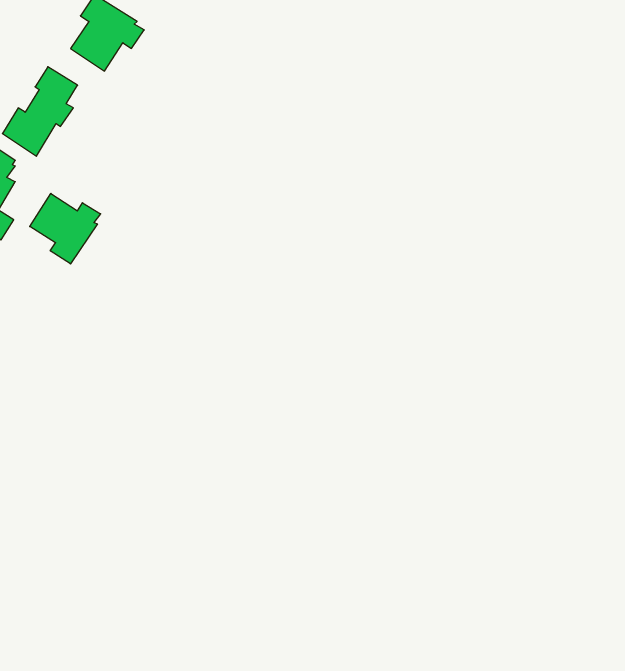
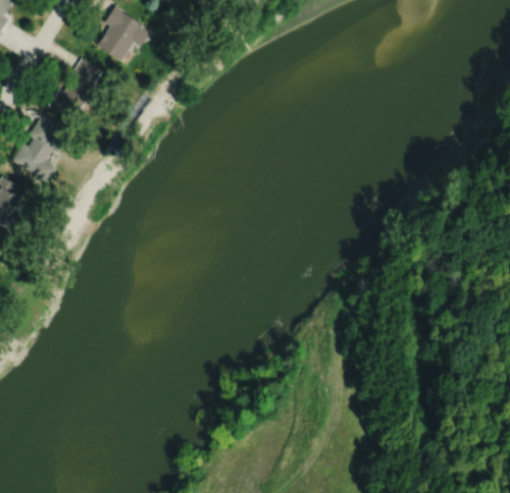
building: [30,193,101,264] -> none

